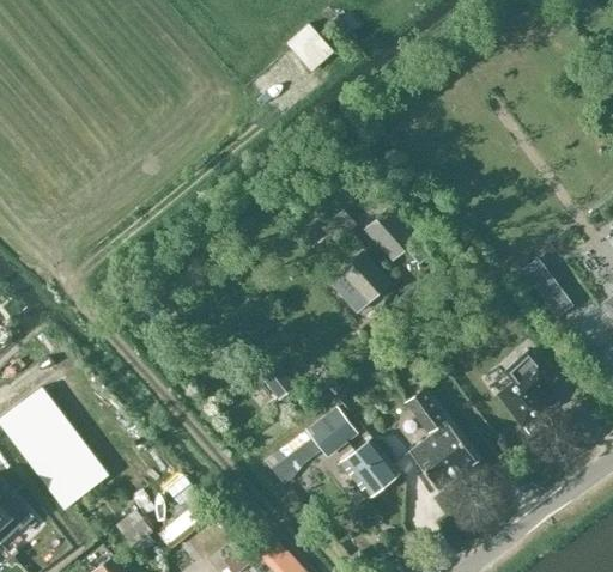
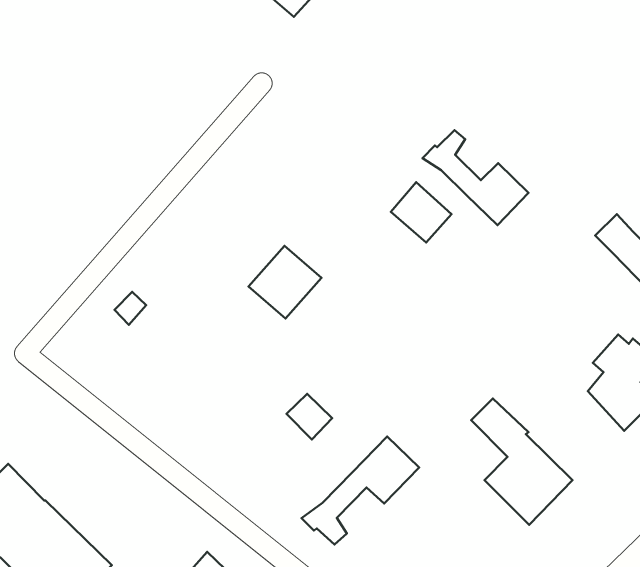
building: none -> [423,130,529,225]
building: [330,255,388,311] -> [249,246,321,318]
building: [341,438,399,498] -> none

